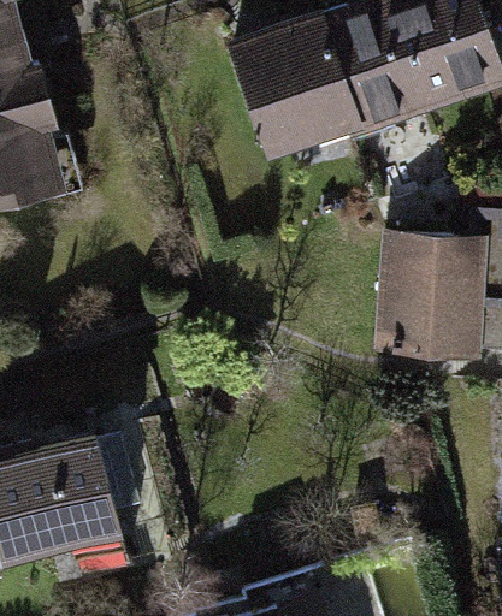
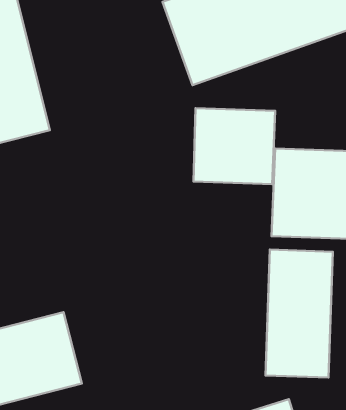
building: none -> [193,108,275,184]
building: none -> [265,250,333,378]

